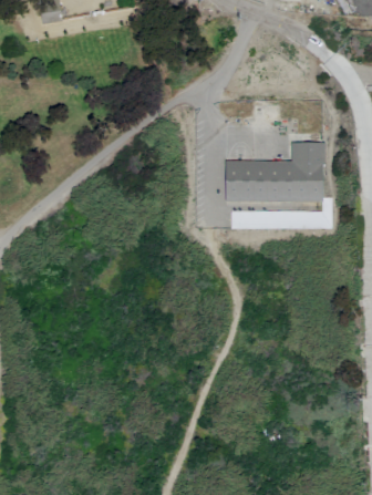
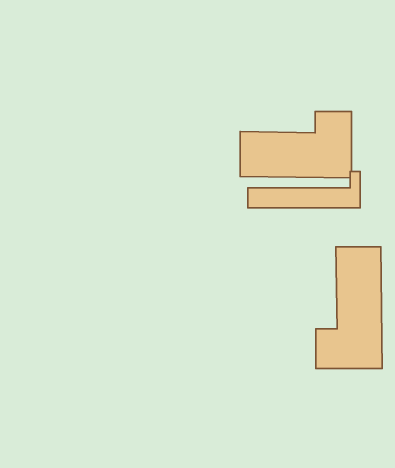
building: none -> [316,247,382,369]

